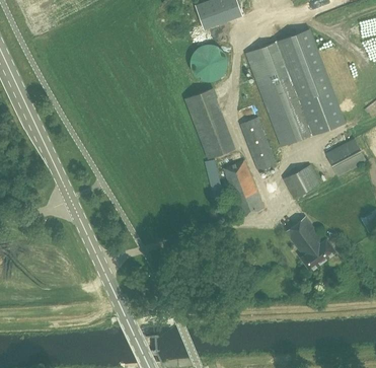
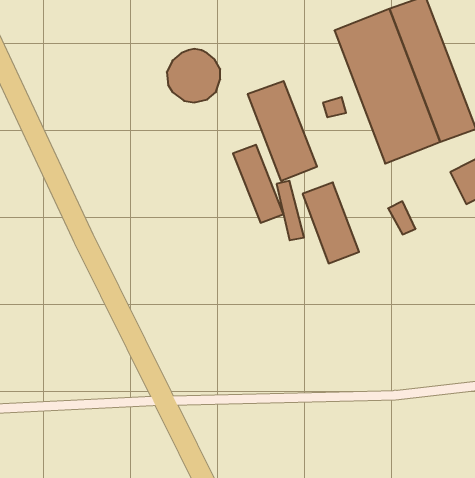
building: [190,44,227,81] -> [167,49,220,102]
building: [241,118,277,172] -> [233,145,284,223]
building: [294,165,320,193] -> none
building: [286,216,336,271] -> none

